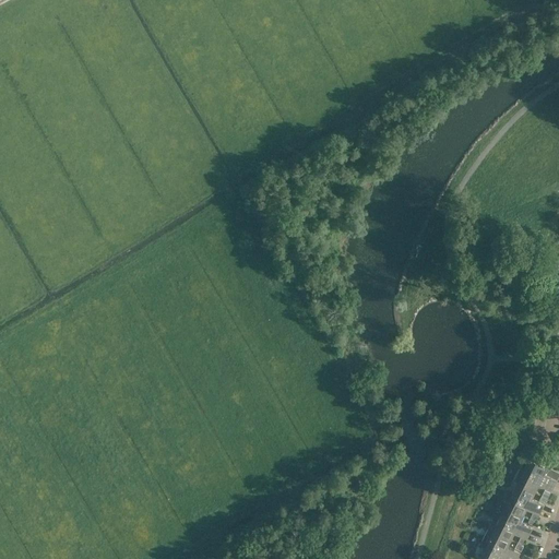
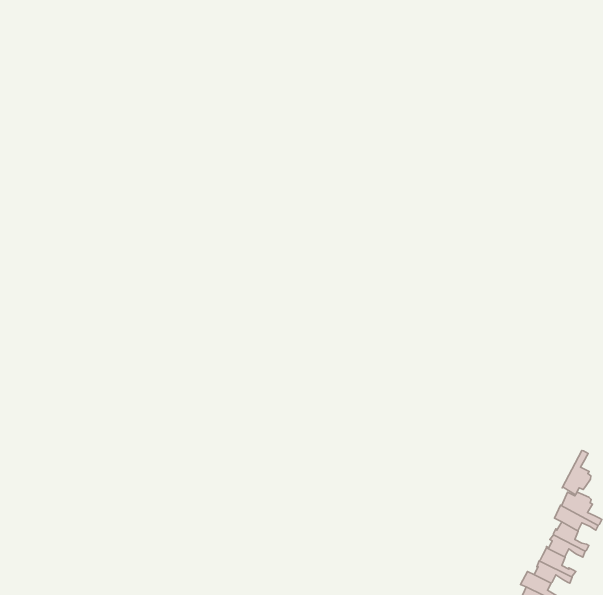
building: none -> [562,451,591,495]

